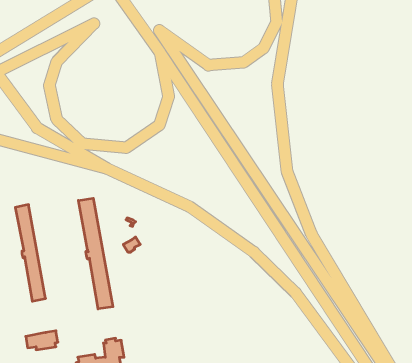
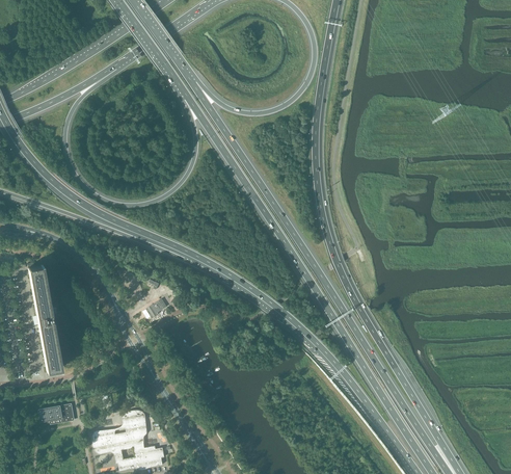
building: [78,198,113,309] -> none

